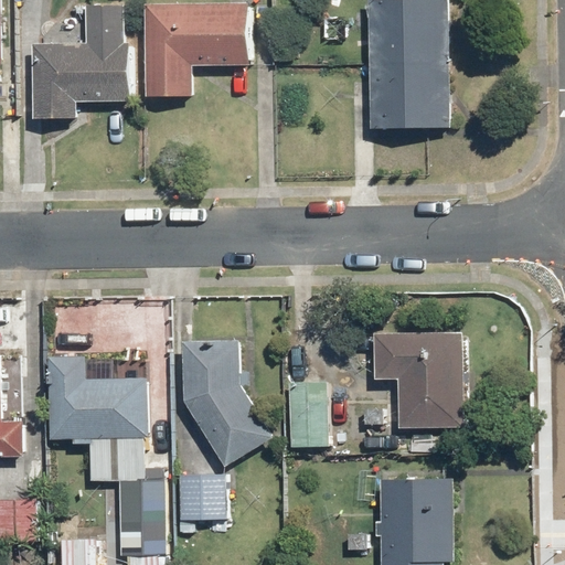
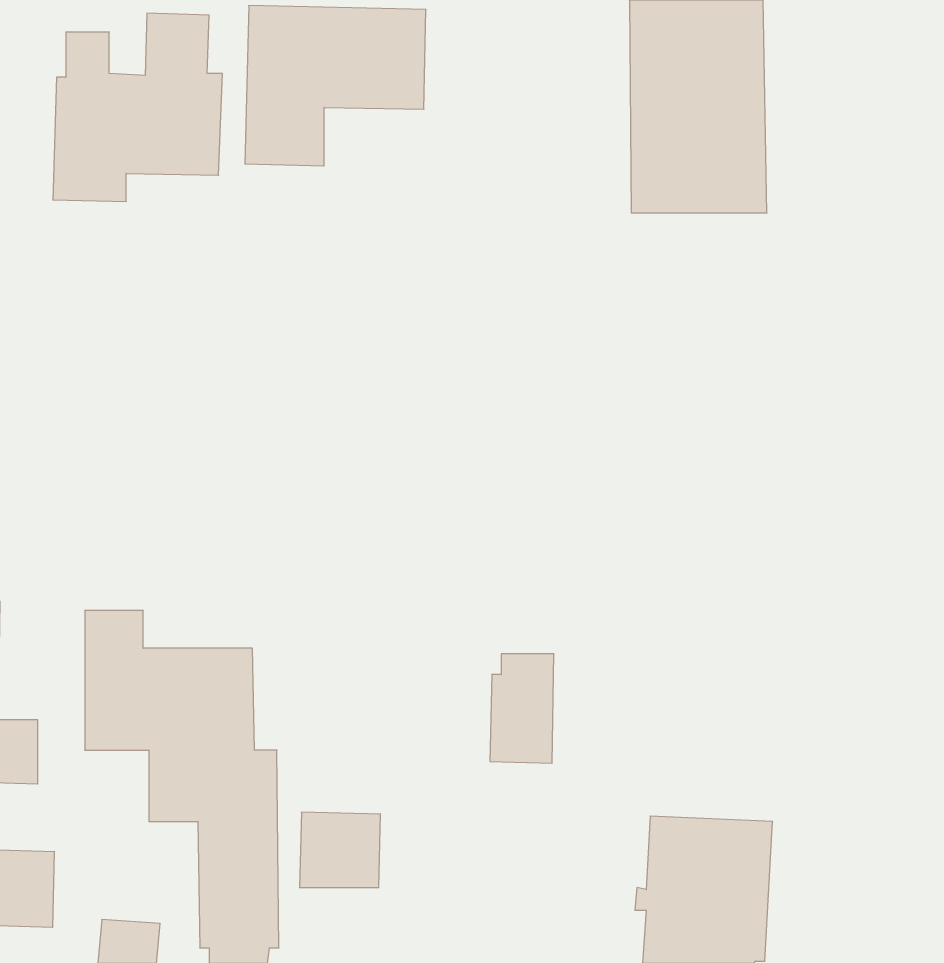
building: [372,331,460,427] -> none
building: [183,341,269,465] -> none

